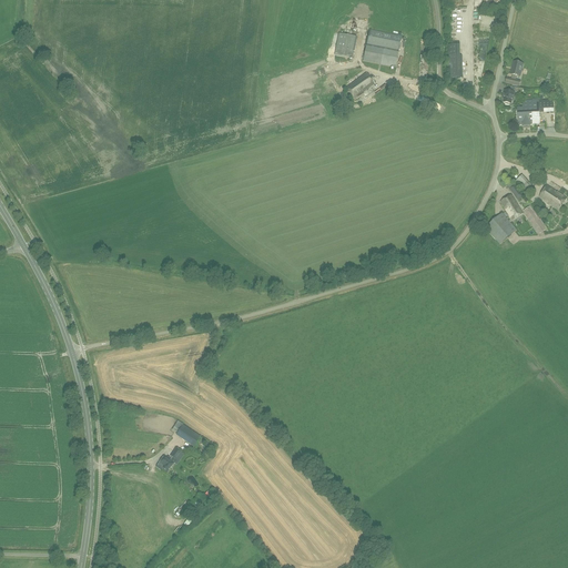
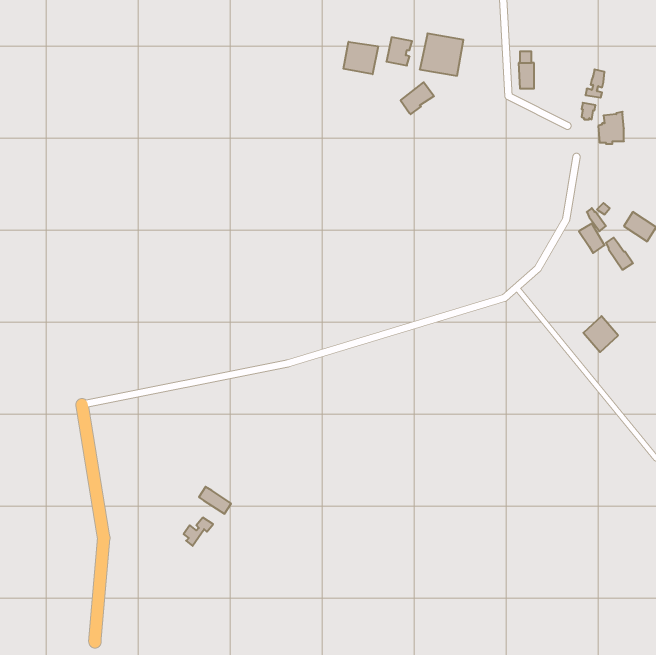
building: none -> [343,42,378,74]
building: [486,212,516,243] -> [583,316,618,352]

